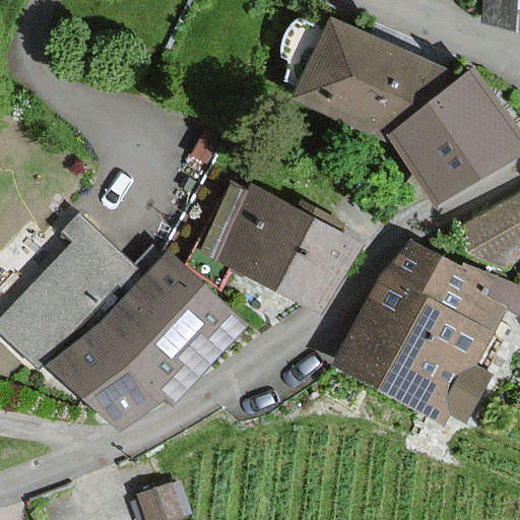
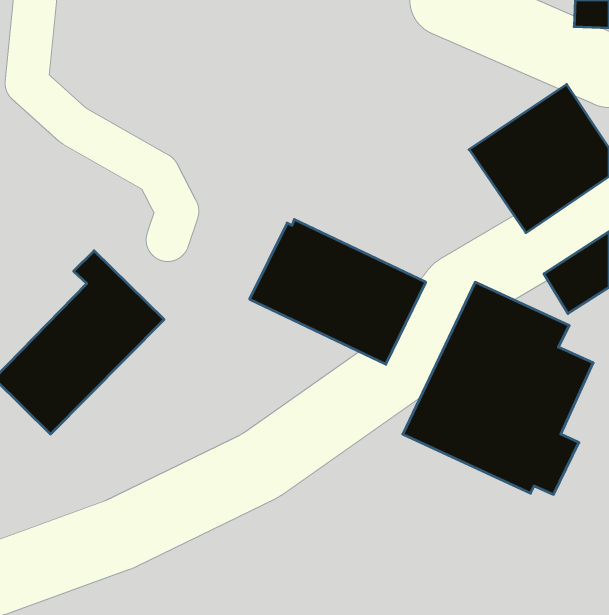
building: [292,18,430,133] -> none
building: [52,258,237,433] -> none

